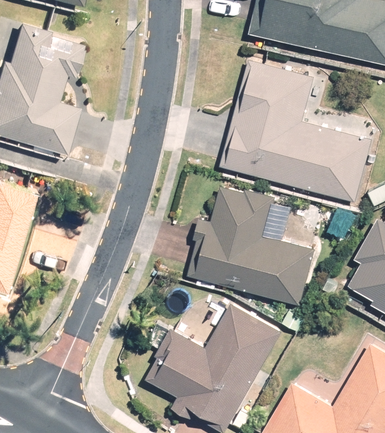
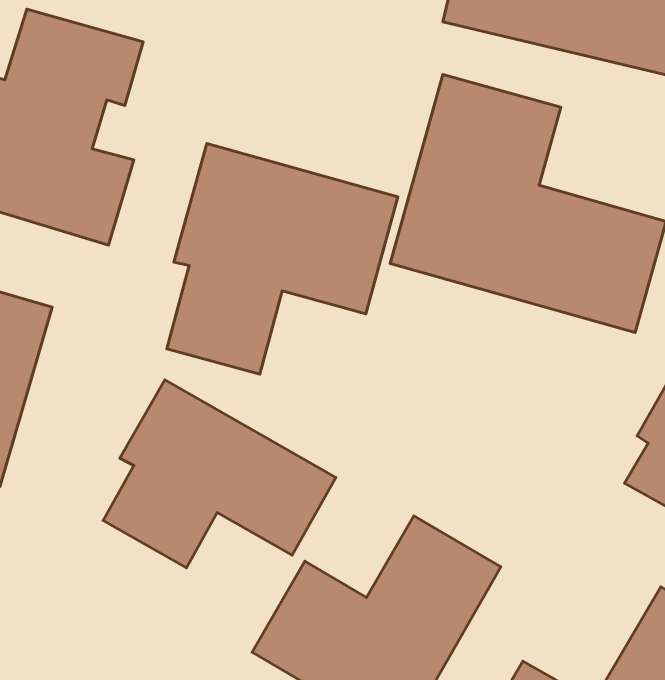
building: none -> [167,143,398,374]
building: [189,185,314,305] -> none
building: none -> [103,380,336,568]

